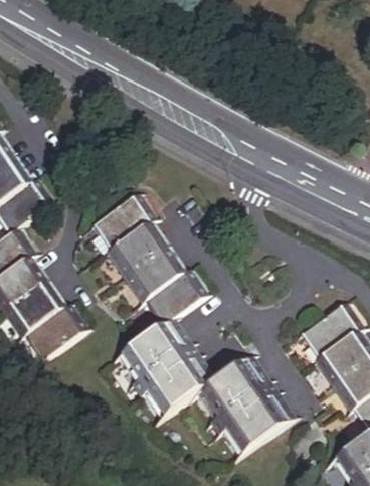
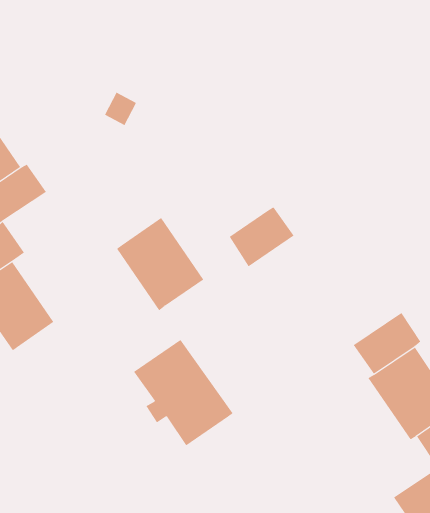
building: [95,196,150,248] -> none
building: [148,273,202,323] -> [229,206,295,267]
building: [26,304,84,357] -> none
building: [200,356,291,451] -> none

